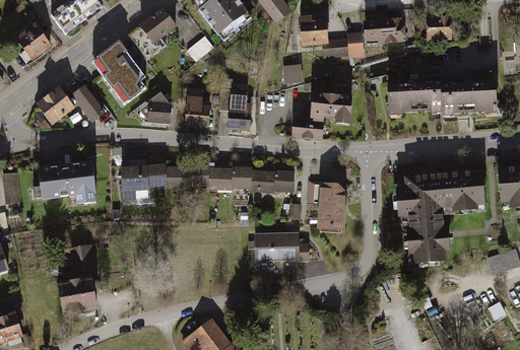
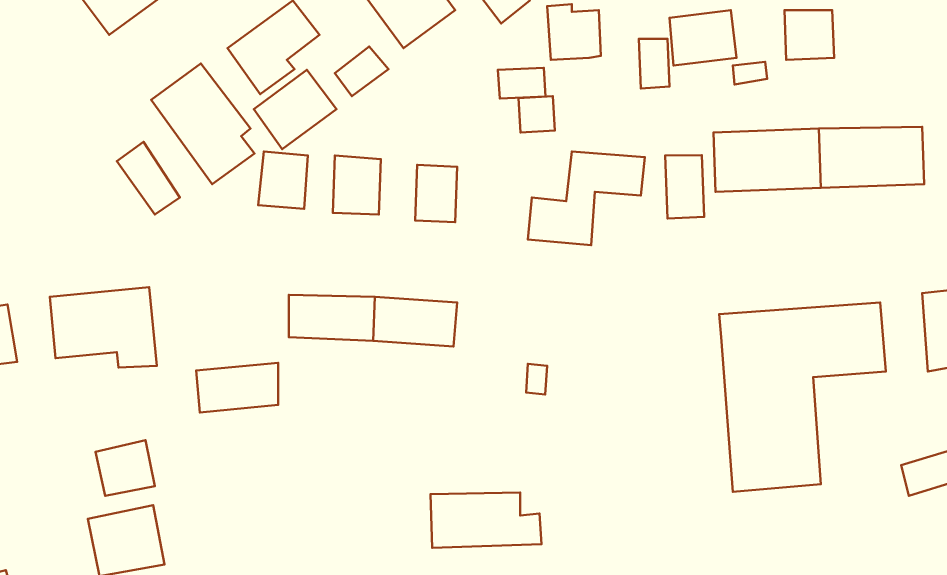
building: [15,19,52,57] -> none
building: [323,40,348,56] -> [498,68,546,98]
building: none -> [254,70,337,149]
building: [37,86,75,125] -> none
building: none -> [665,155,704,219]
building: [119,165,162,192] -> [196,363,278,413]
building: [250,169,294,196] -> none
building: [313,184,348,230] -> none
building: [251,231,310,261] -> [430,492,541,548]

